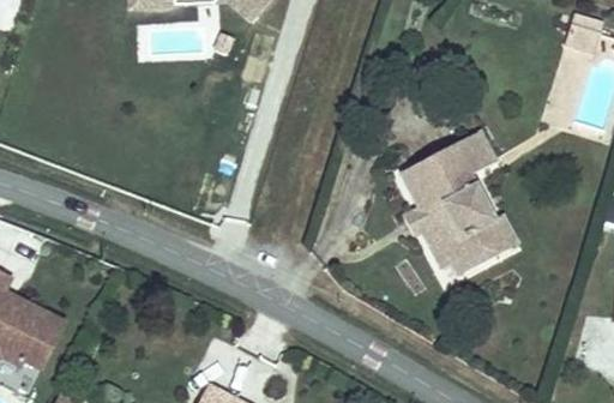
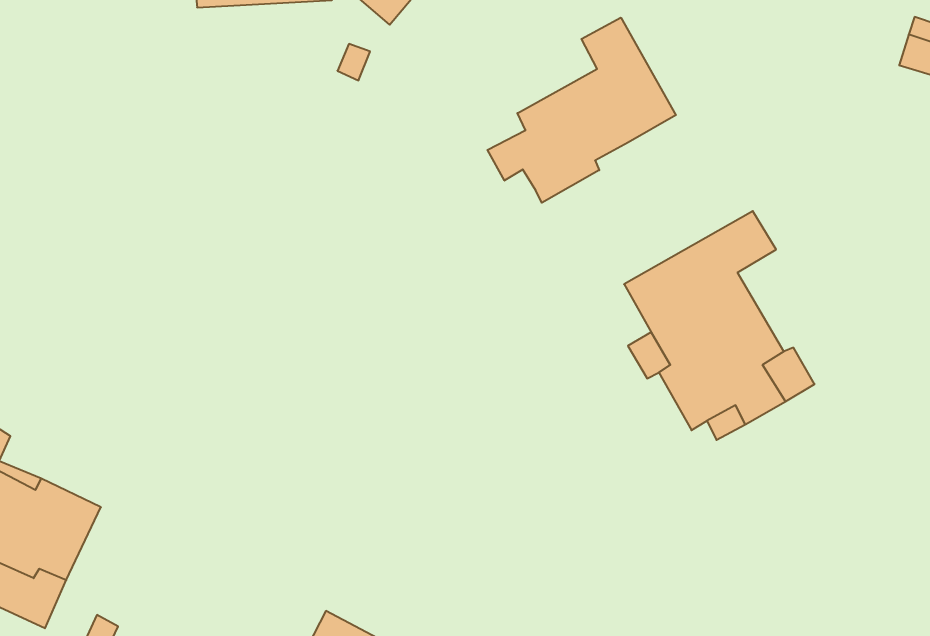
building: none -> [487,18,676,203]

